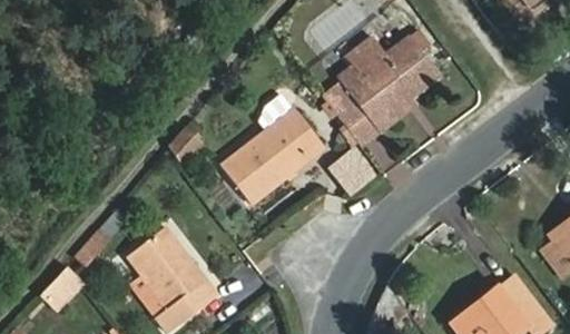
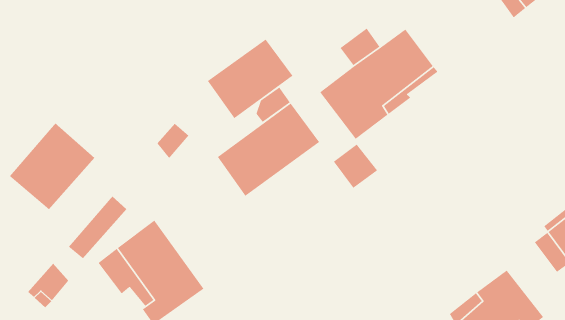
building: none -> [207,39,293,119]
building: none -> [9,123,95,210]

